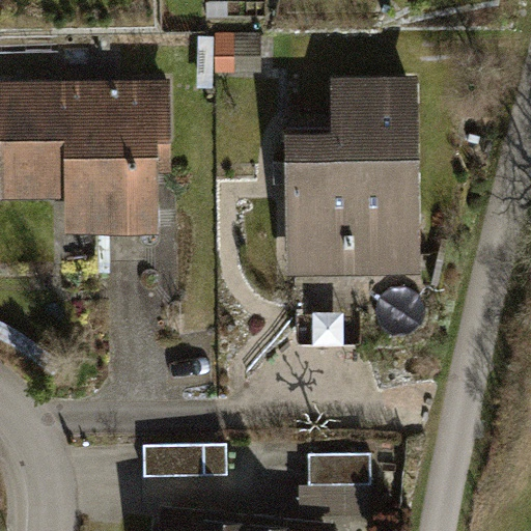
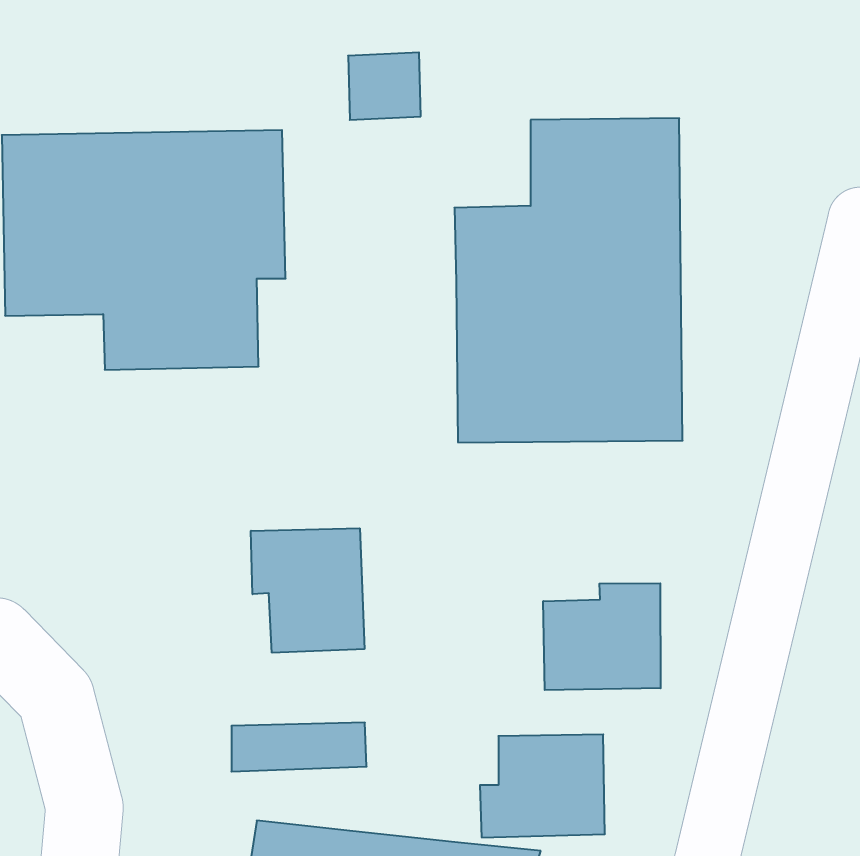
building: none -> [251,528,364,653]
building: none -> [543,583,661,690]

